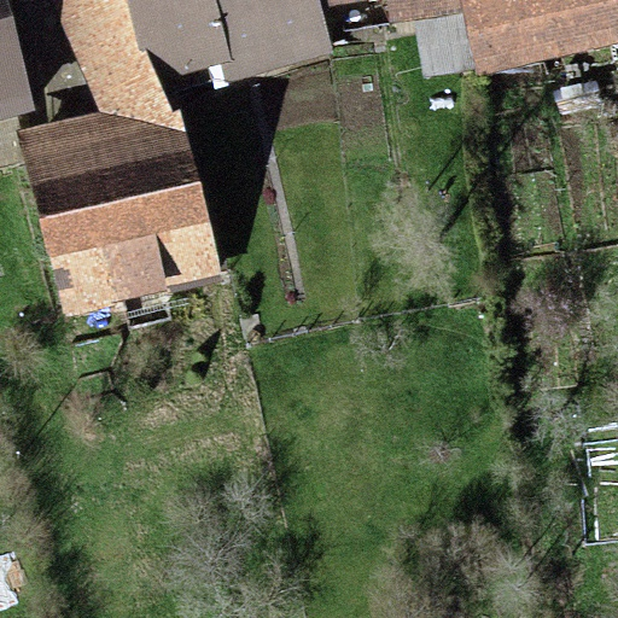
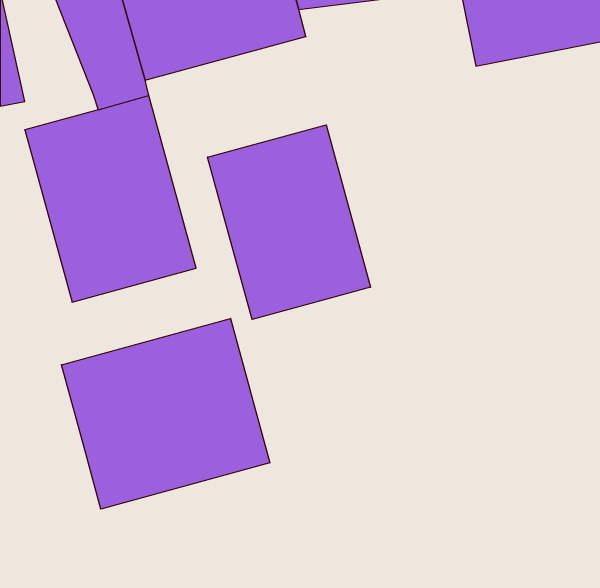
building: none -> [208,125,371,319]
building: none -> [61,318,270,509]

